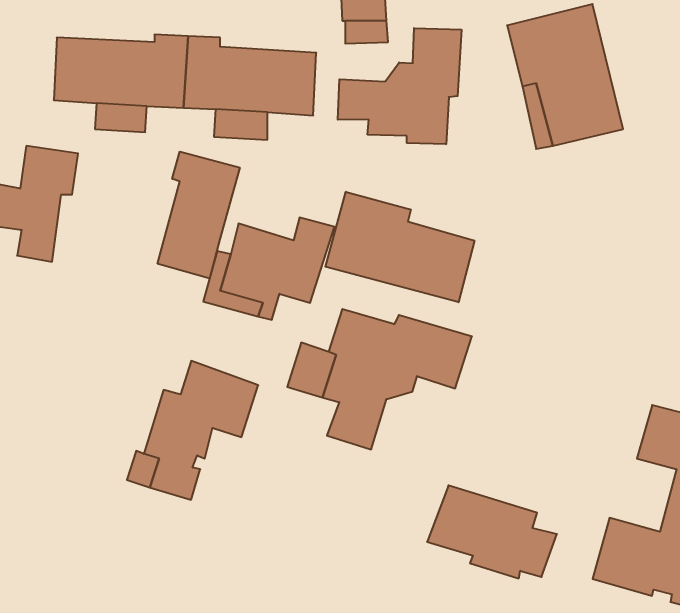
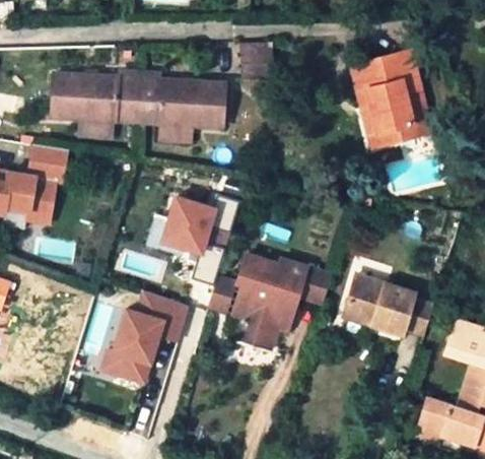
building: [338,28,461,144] -> none
building: [158,152,240,278] -> none
building: [325,192,474,302] -> none
building: [427,485,557,578] -> [344,275,430,337]

